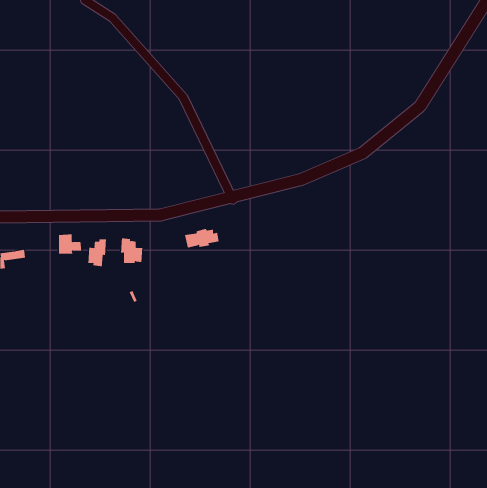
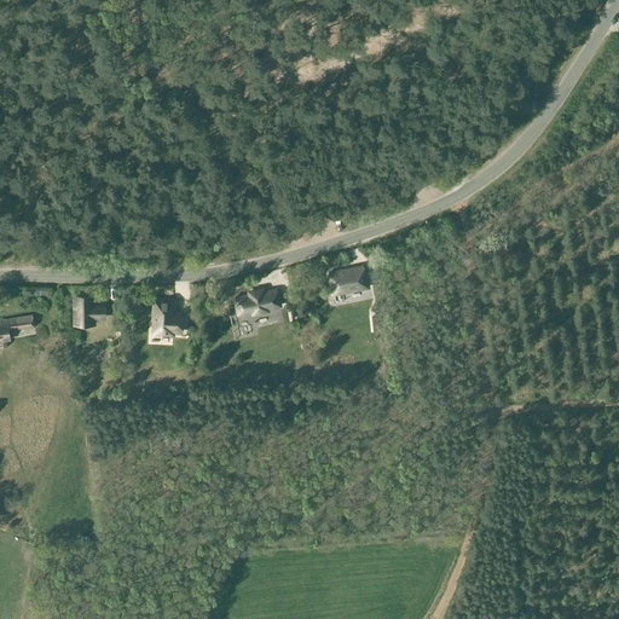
building: none -> [328,266,366,293]
building: [88,239,106,267] -> none

